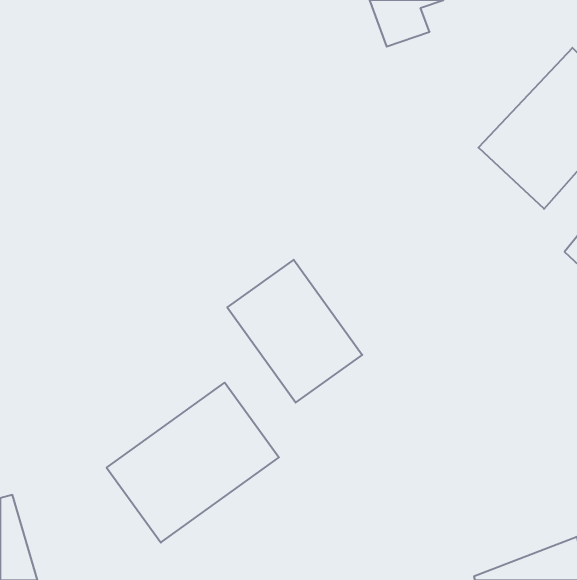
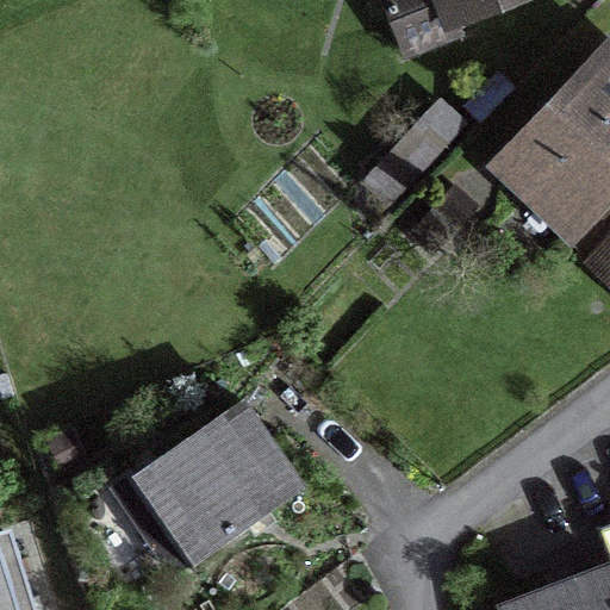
building: [227,260,362,403] -> none

